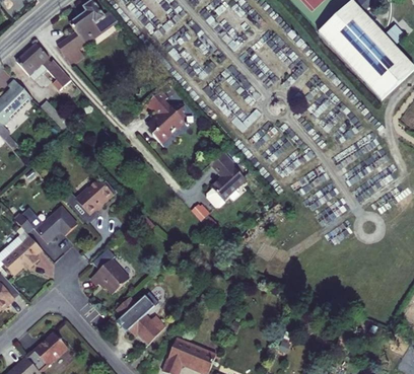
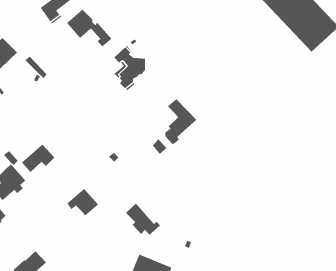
building: [17,45,72,90] -> [66,9,112,47]
building: [75,178,113,216] -> none
building: [116,297,158,336] -> [125,203,161,236]

